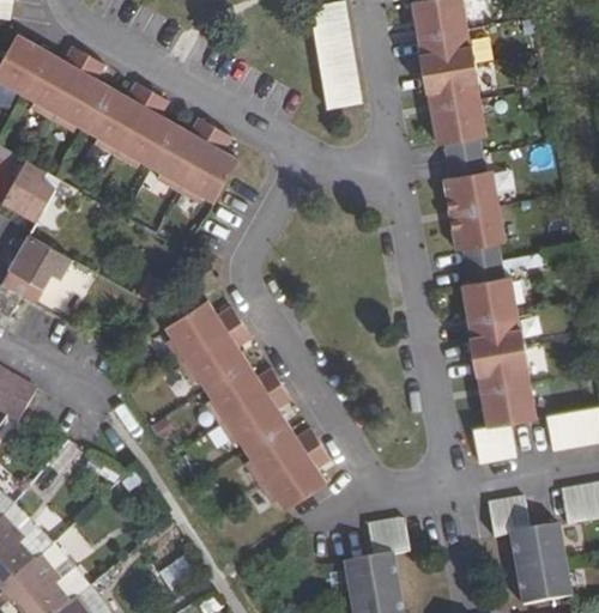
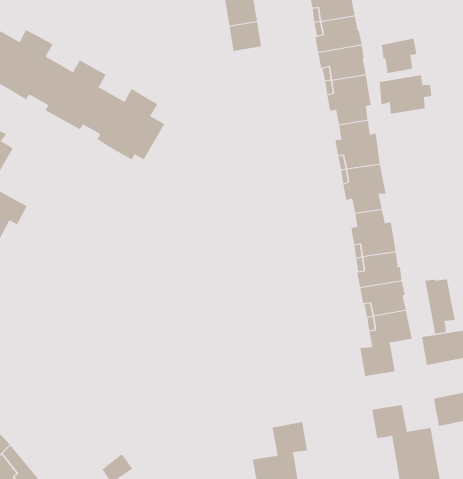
building: none -> [381,38,417,74]
building: [320,67,361,109] -> none
building: none -> [379,75,432,115]
building: [164,301,331,511] -> none
building: none -> [425,278,455,335]

